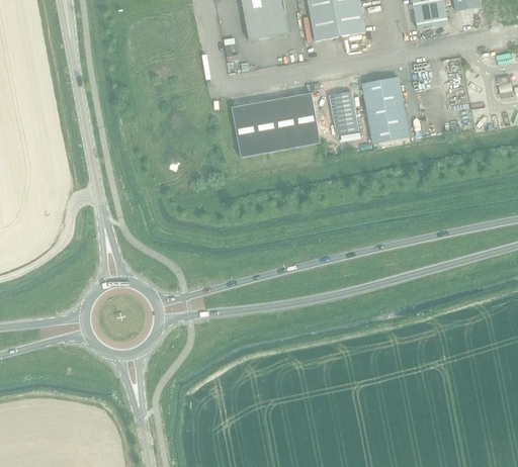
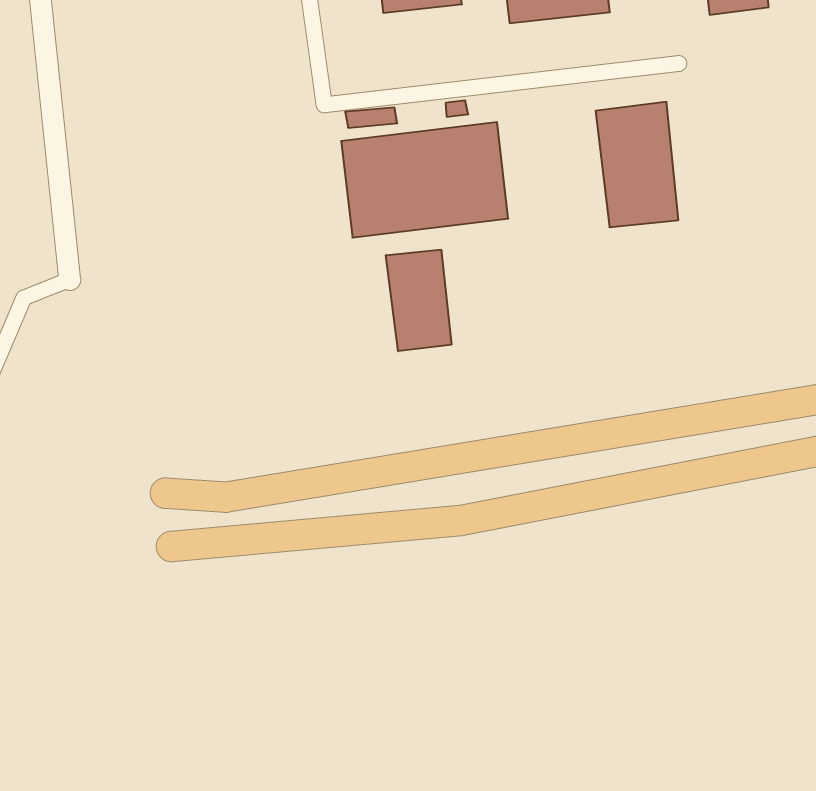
building: [329,91,357,134] -> none
building: none -> [386,250,451,351]

